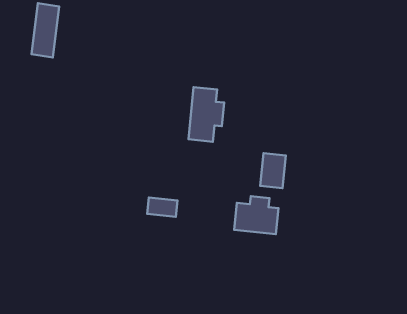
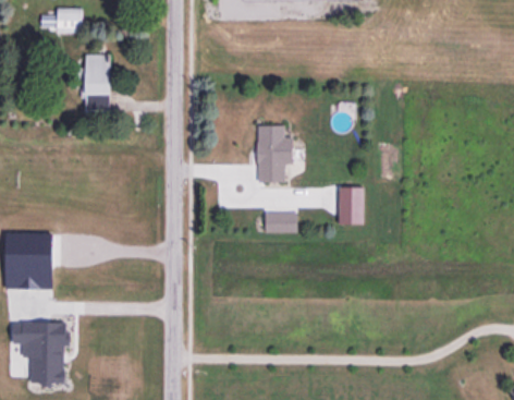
building: [234,196,278,234] -> none
building: [147,198,178,217] -> [265,214,295,231]

